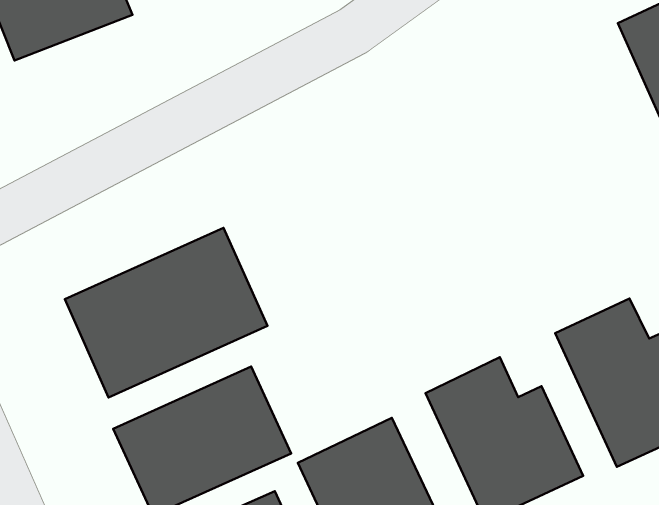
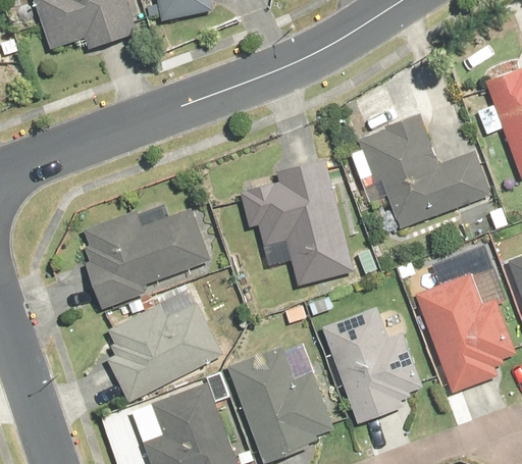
building: none -> [343,109,493,227]
building: none -> [234,156,354,282]

